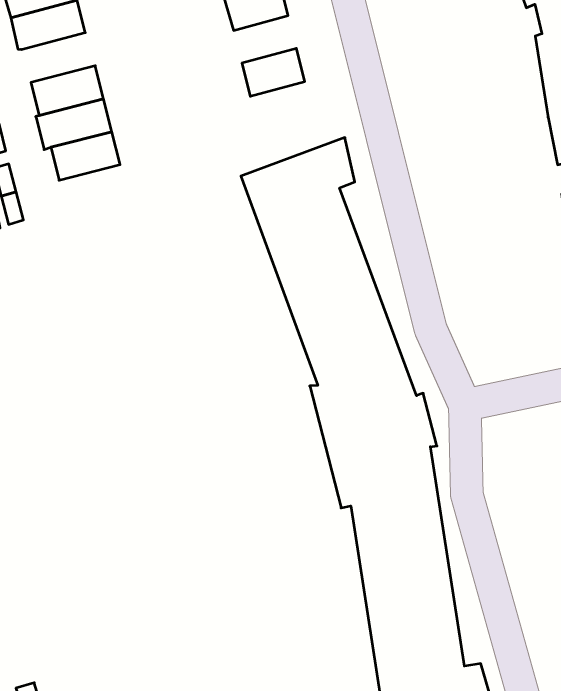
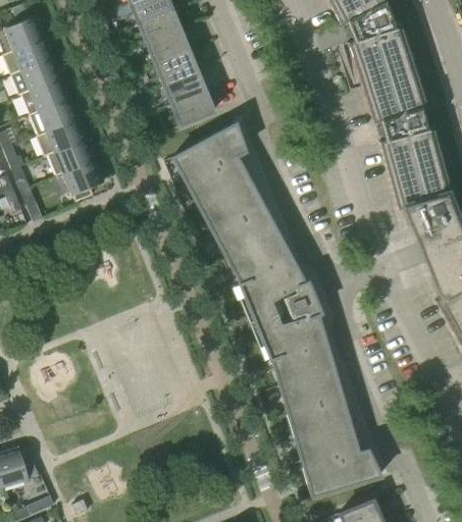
building: none -> [156,49,198,84]
building: none -> [21,77,70,114]
building: none -> [172,90,215,124]
building: none -> [57,159,104,201]

